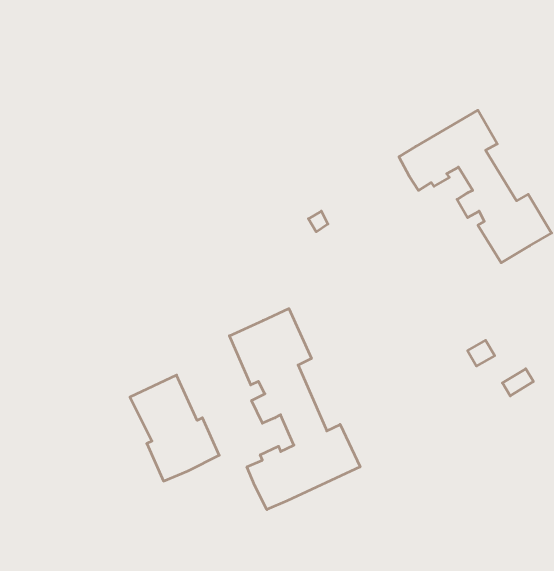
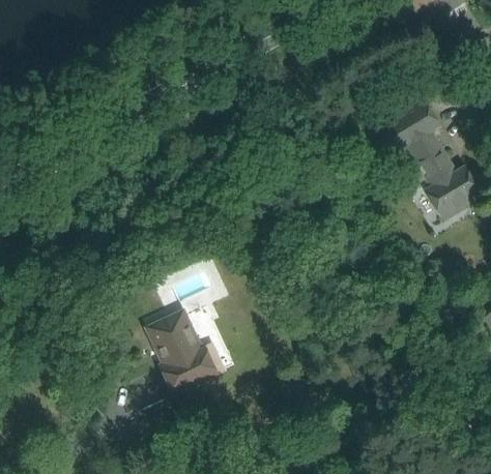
building: [229,309,360,510] -> none

